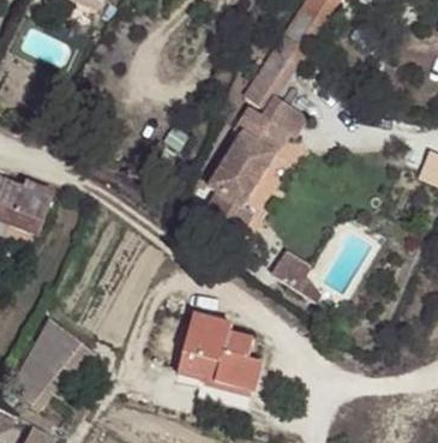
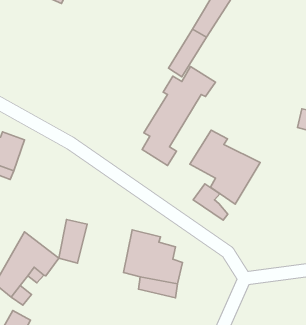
building: none -> [190,130,260,204]
building: none -> [59,220,87,263]

